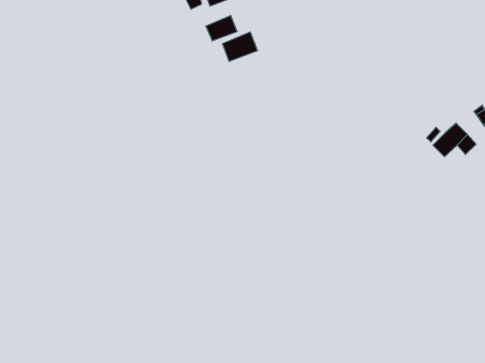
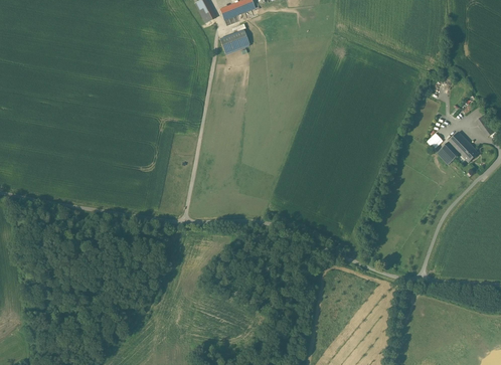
building: [222,32,258,62] -> none

